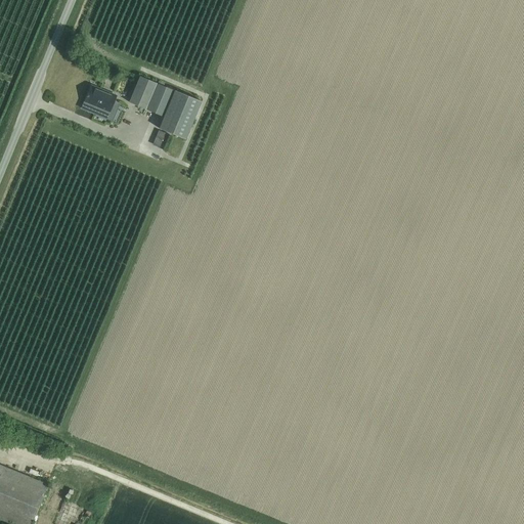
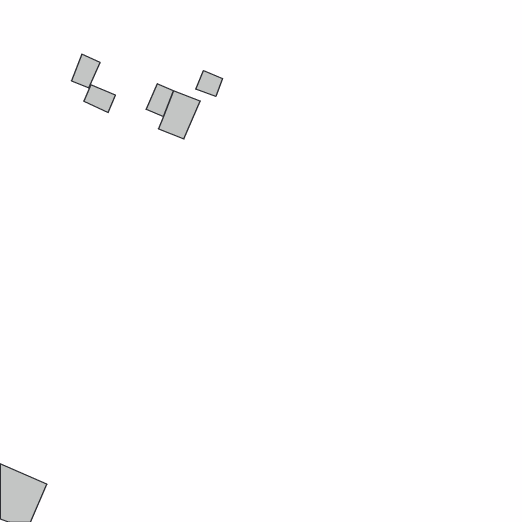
building: none -> [196,71,223,96]
building: [129,76,158,110] -> [71,54,100,88]

